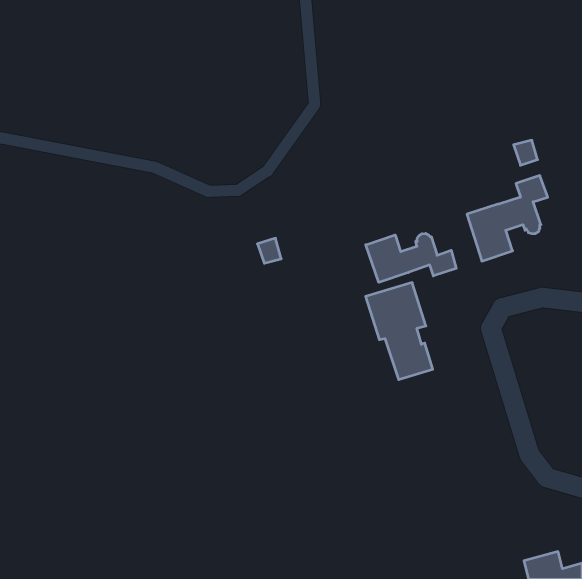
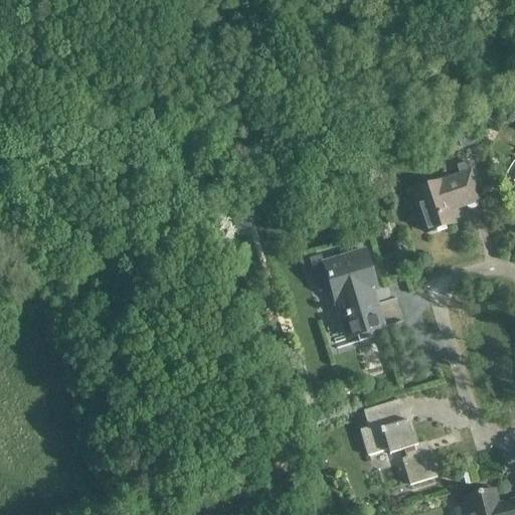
building: [366,233,456,282] -> none
building: none -> [360,408,437,482]

